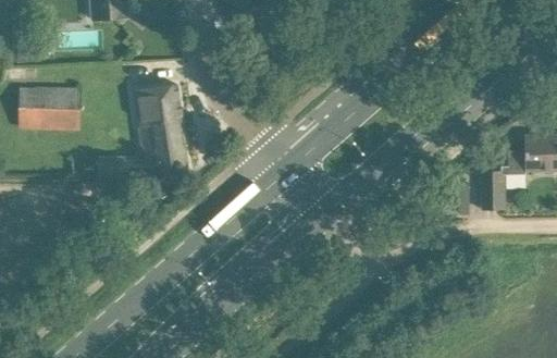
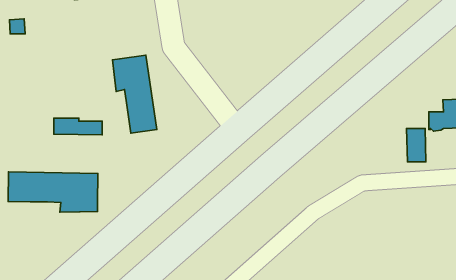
building: [18,87,78,127] -> none
building: none -> [8,172,98,212]

